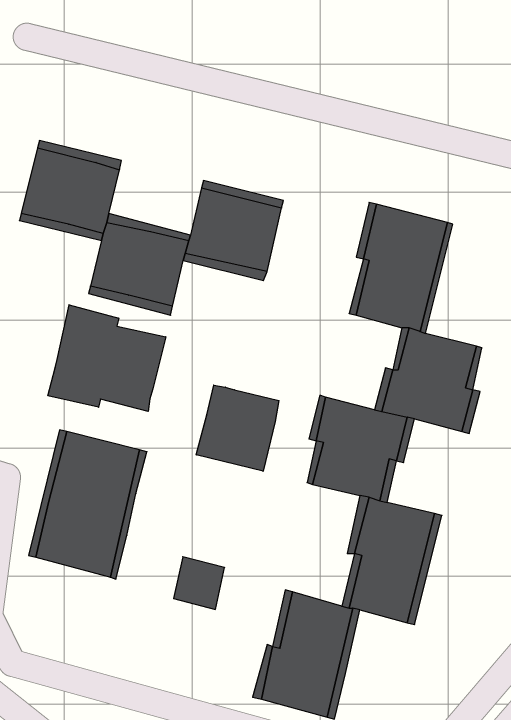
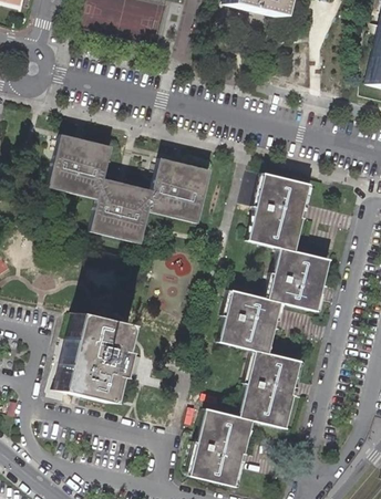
building: [48,305,166,411] -> none
building: [196,385,279,471] -> none
building: [174,557,225,609] -> [113,349,144,381]

